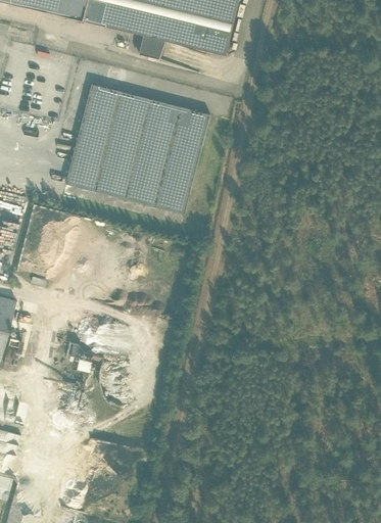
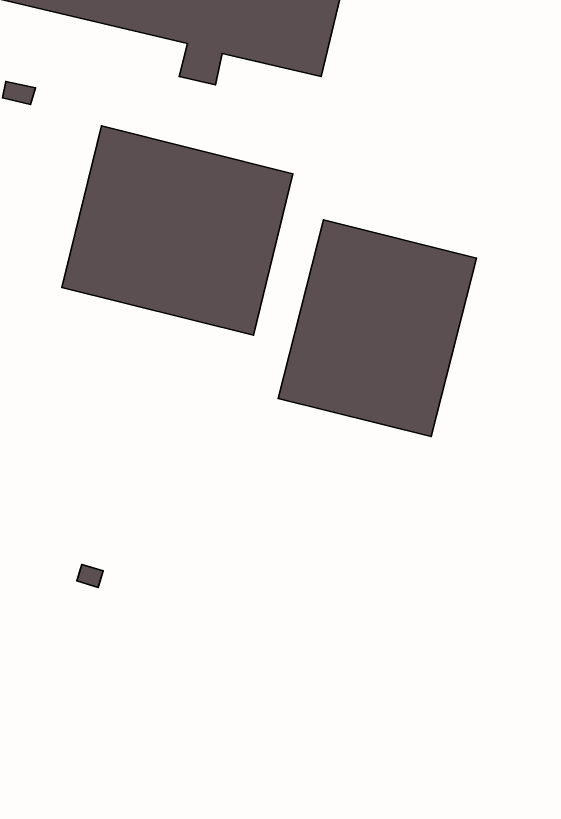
building: none -> [278,220,477,437]

